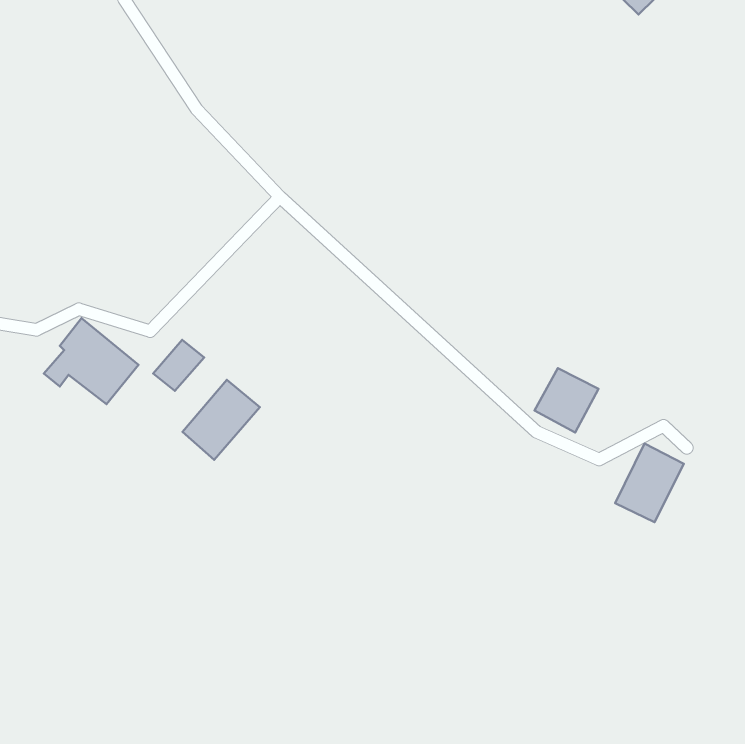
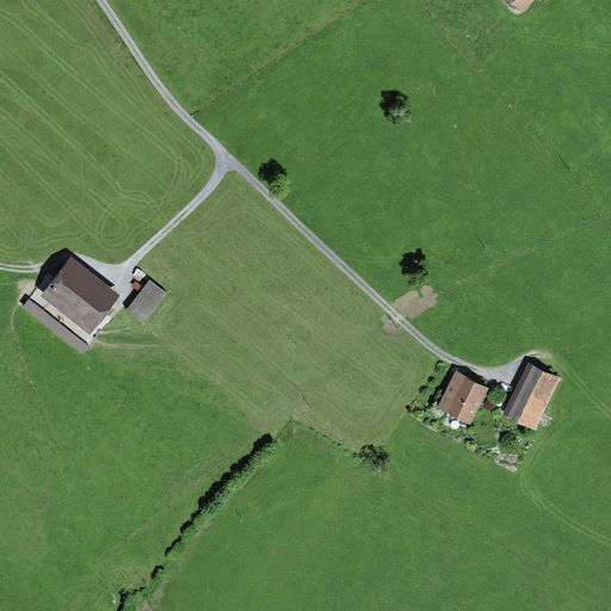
building: [534,368,599,432] -> [434,371,487,424]
building: [183,380,260,460] -> none

